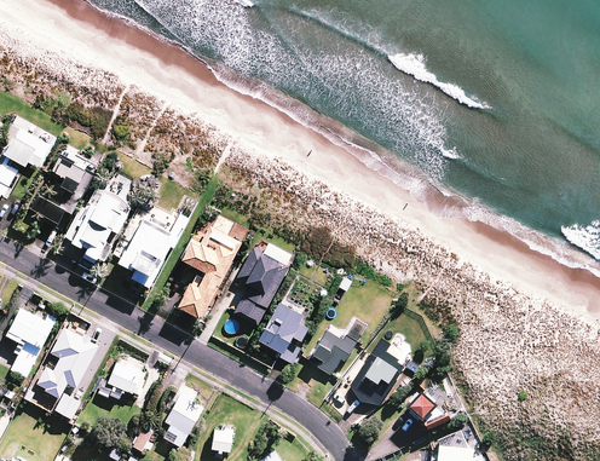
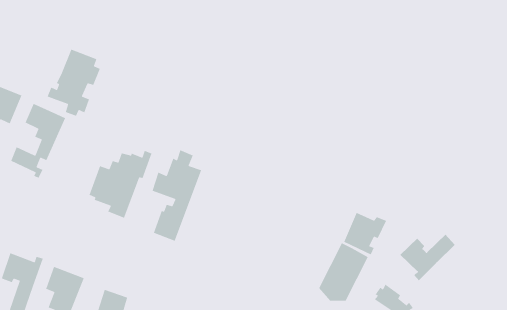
building: [64,189,127,264] -> [46,49,101,117]
building: [233,248,288,327] -> none
building: [258,301,307,364] -> none
building: [307,330,358,380] -> [343,212,387,256]
building: none -> [400,234,456,281]

